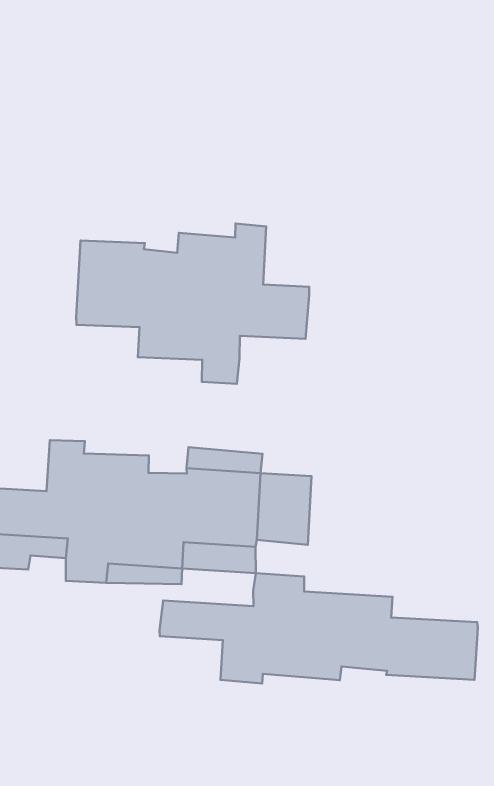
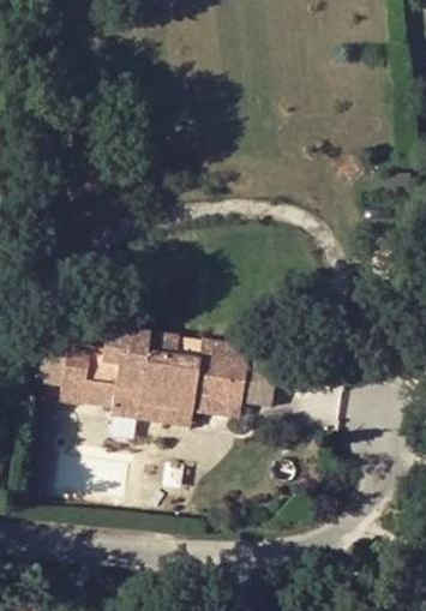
building: [76,224,309,384] -> none
building: [159,573,478,683] -> none

